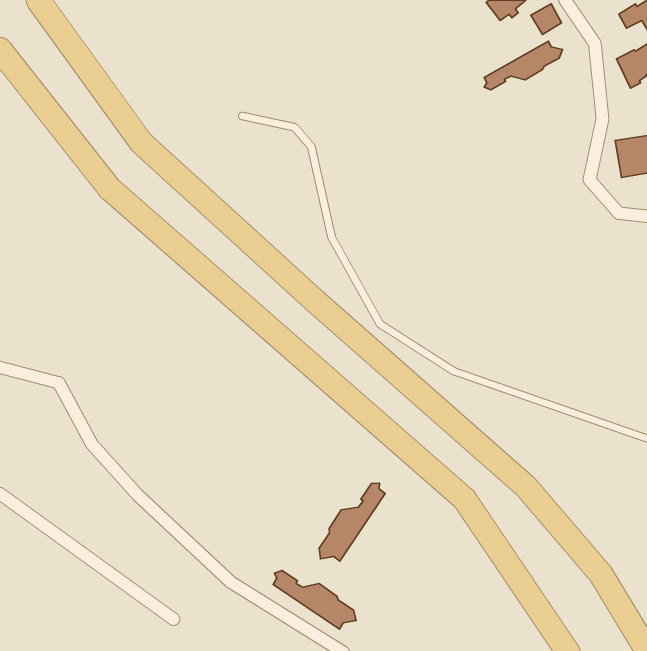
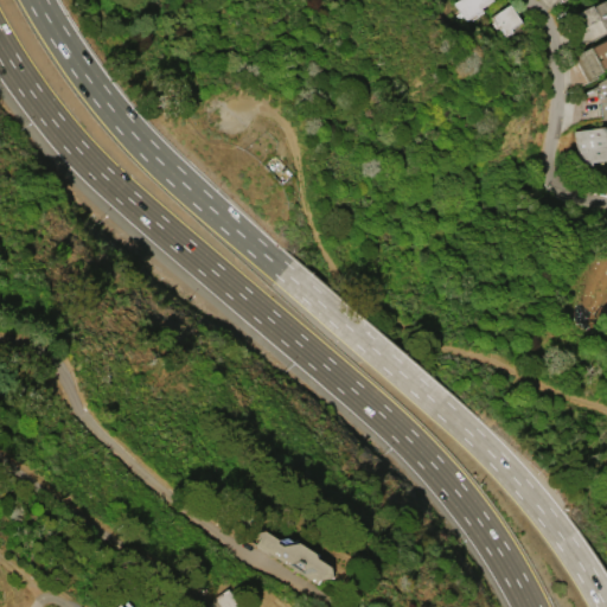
building: [484,41,562,90] -> none
building: [319,483,385,561] -> none

